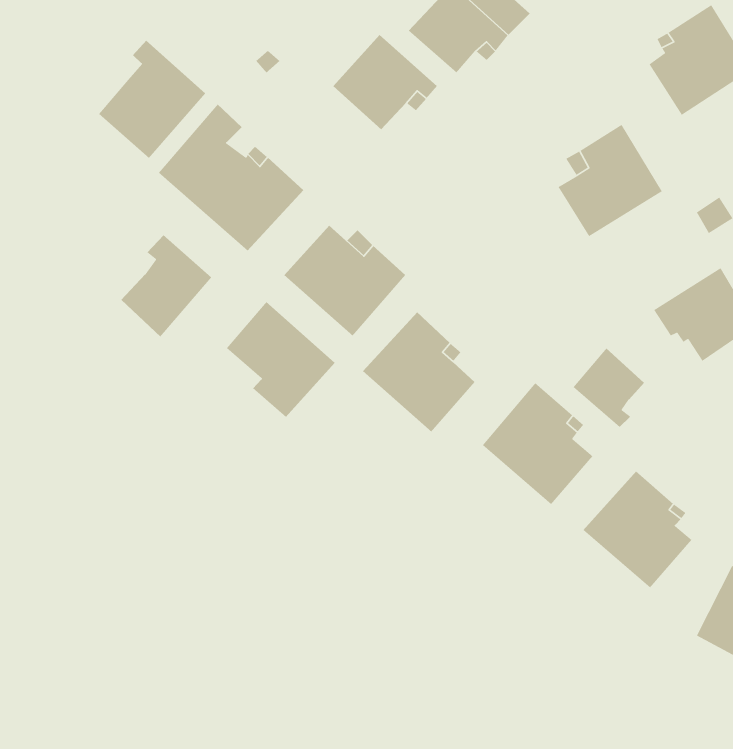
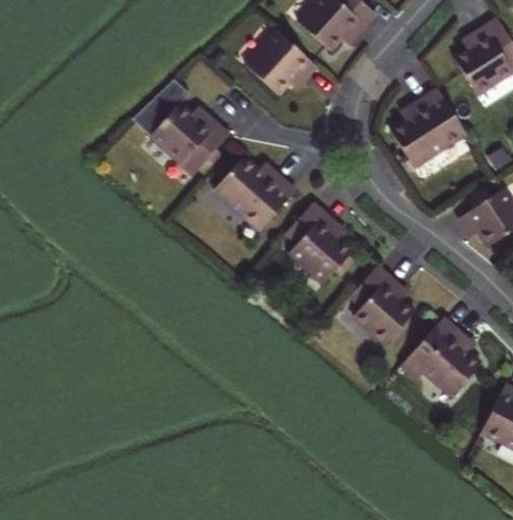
building: [98,40,206,159] -> none
building: [121,235,212,338] -> none
building: [226,301,336,418] -> none
building: [573,348,645,428] -> none

